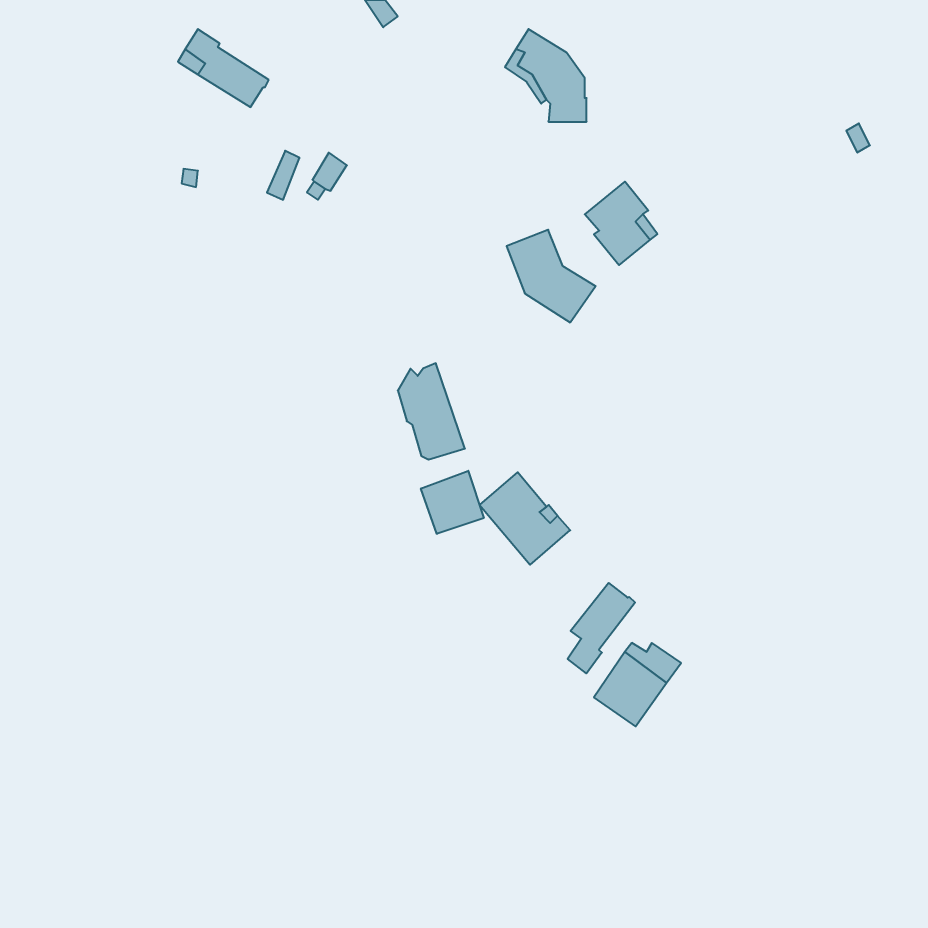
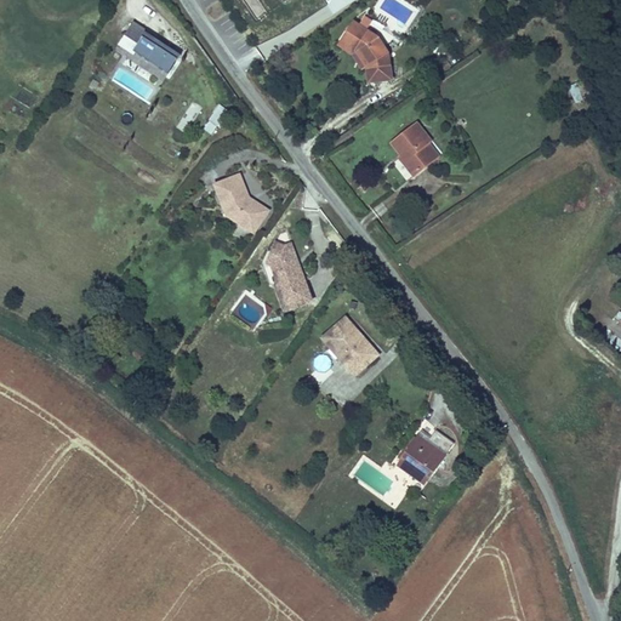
building: [507,230,596,322] -> [212,172,272,234]
building: [421,471,484,534] -> none
building: [568,583,635,673] -> none

